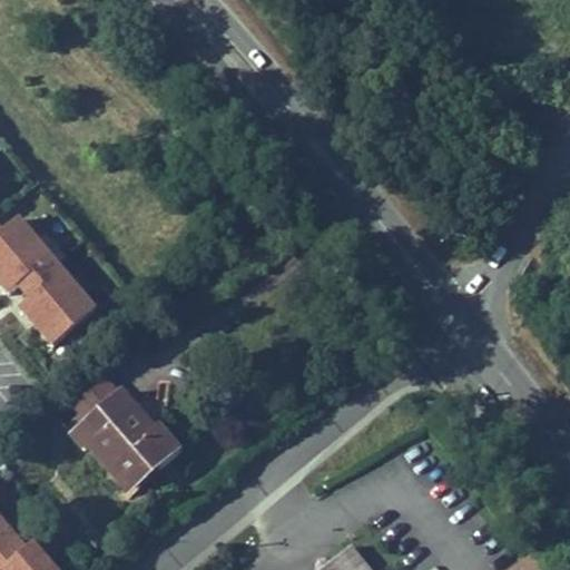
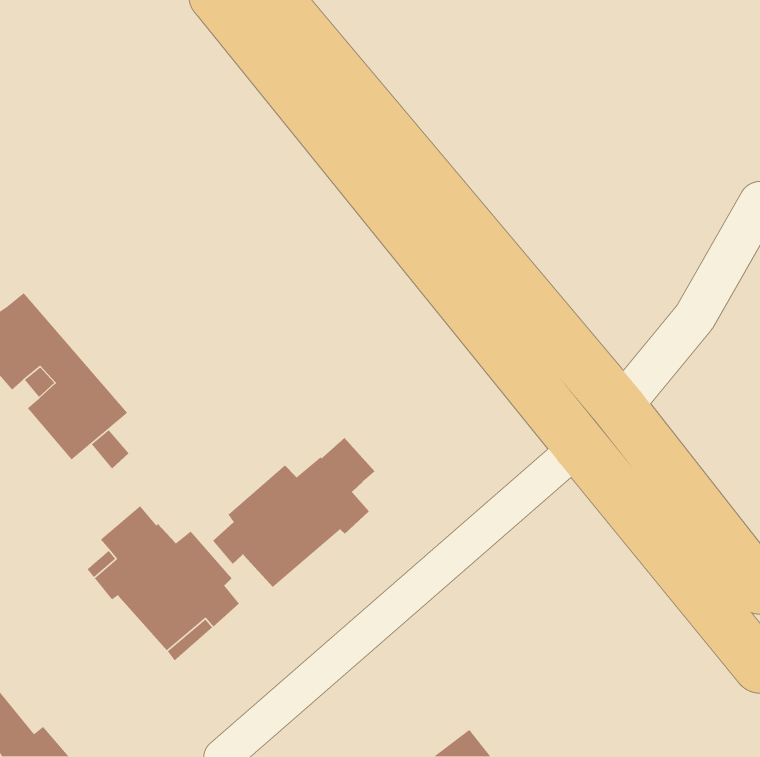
building: none -> [212,437,375,588]

